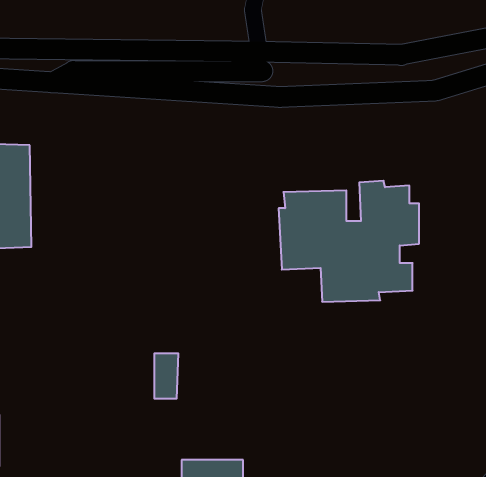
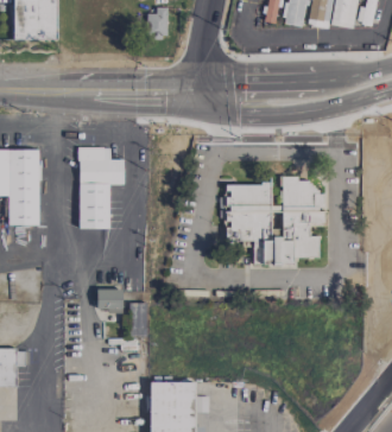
building: none -> [78,147,125,228]
building: none -> [97,288,124,311]

